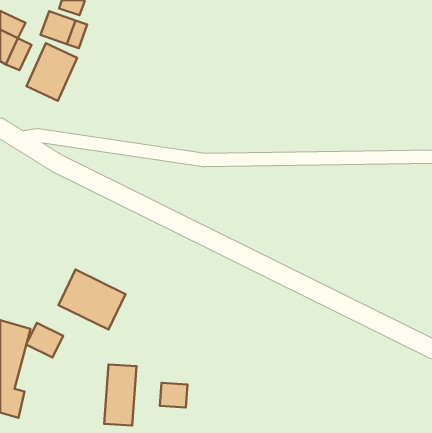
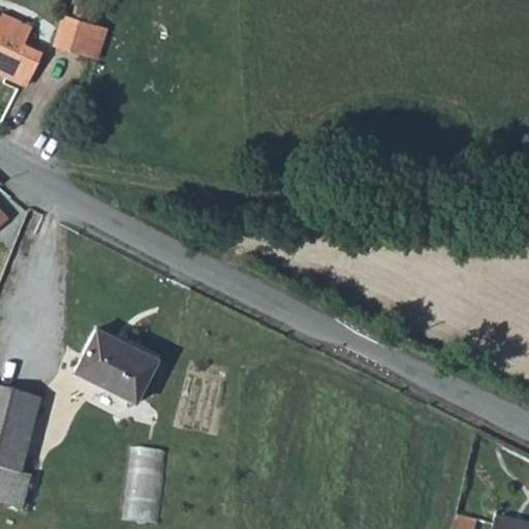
building: [26,43,77,101] -> none
building: [26,323,63,358] -> none
building: [160,383,187,408] -> none

